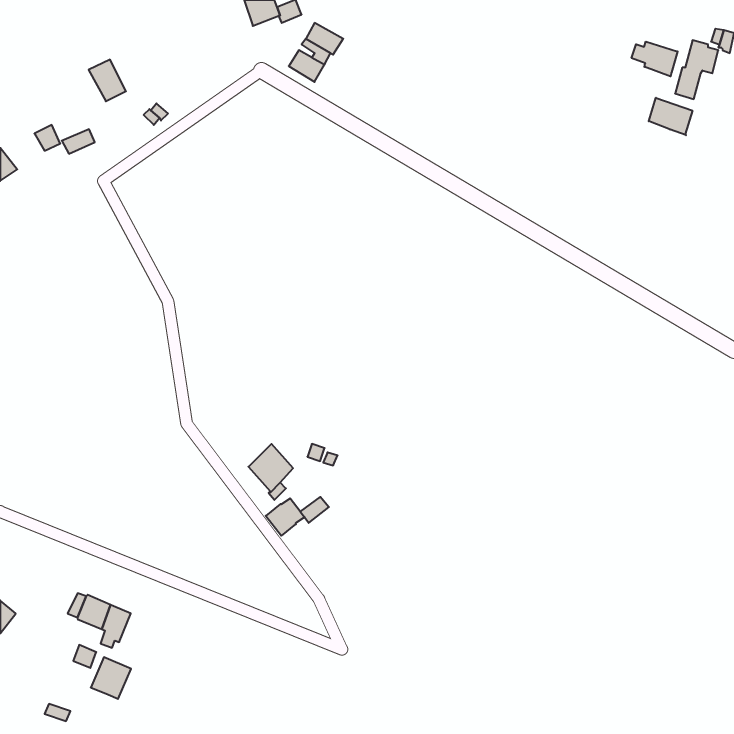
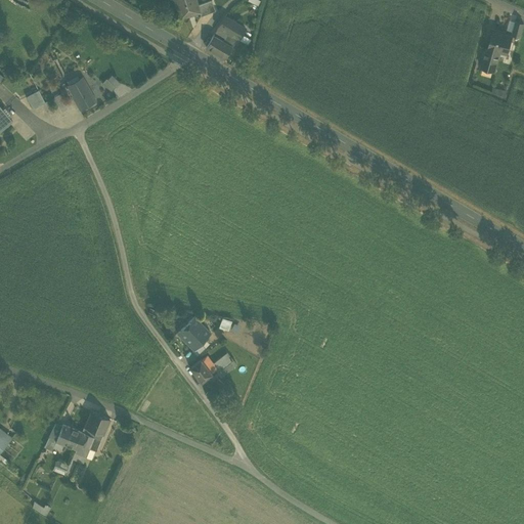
building: [632,42,678,76] -> none
building: [89,60,126,101] -> [66,78,92,107]
building: [649,98,692,135] -> none
building: [91,657,131,699] -> [81,410,110,440]

